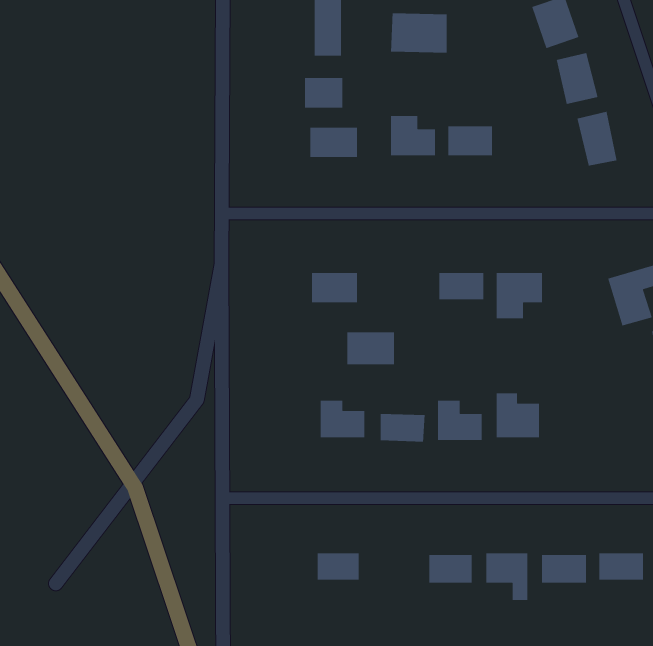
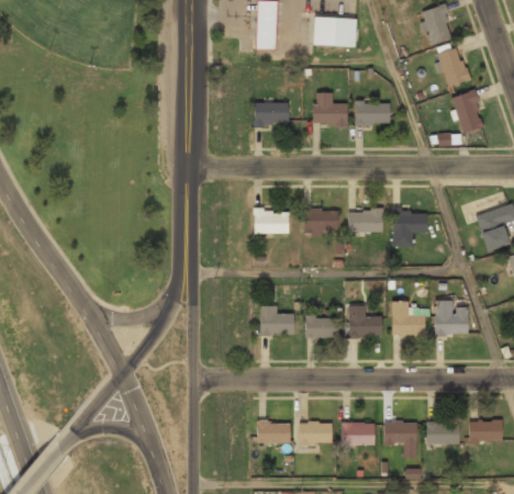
building: [304,77,343,109] -> none
building: [346,332,395,365] -> [302,209,338,234]
building: none -> [435,301,468,335]
building: none -> [299,420,333,445]

